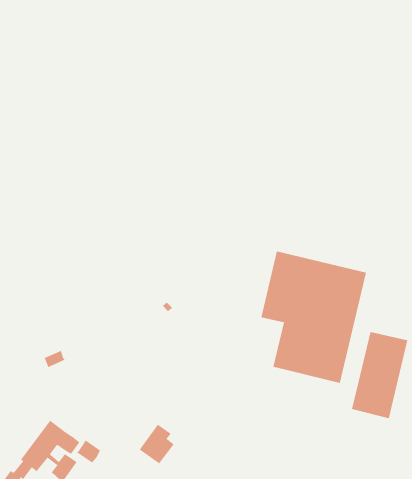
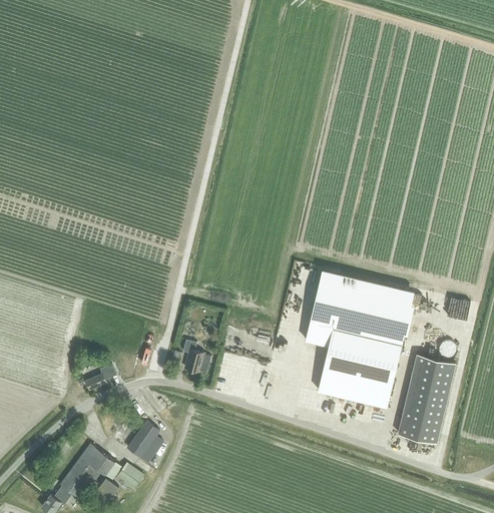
building: none -> [182,339,210,372]
building: [139,424,174,464] -> [126,421,162,462]

